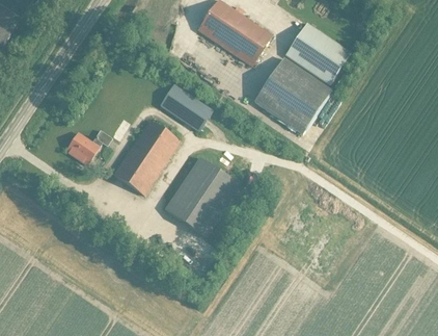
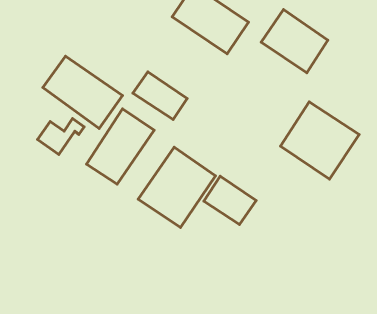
building: [254,57,331,133] -> [281,102,359,179]
building: none -> [43,56,123,128]
building: none -> [204,176,256,225]

